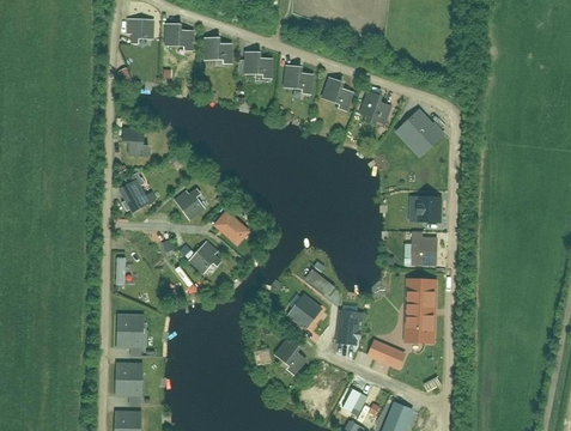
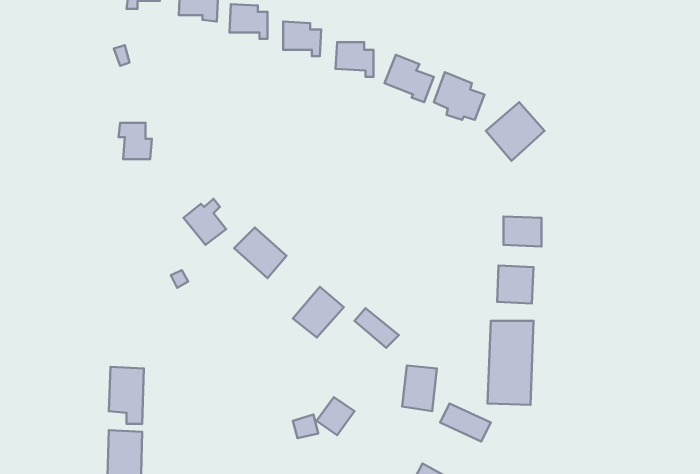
building: [116,176,156,211] -> none
building: [186,241,220,273] -> none
building: [284,290,322,328] -> [293,287,344,337]

